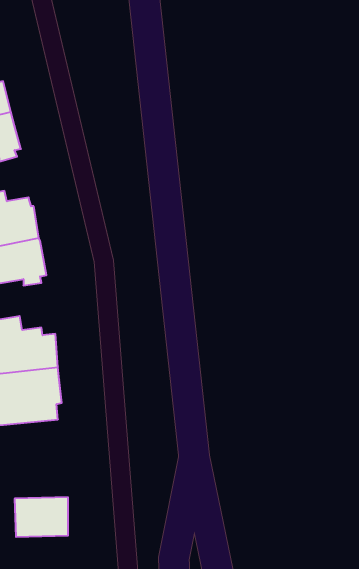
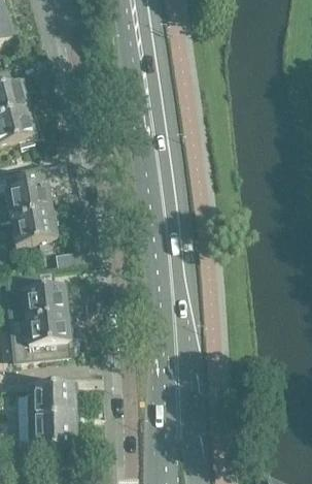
building: none -> [32,388,76,420]

